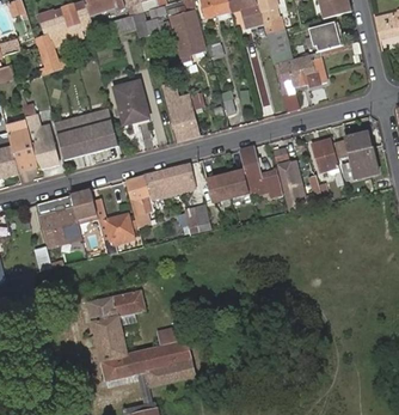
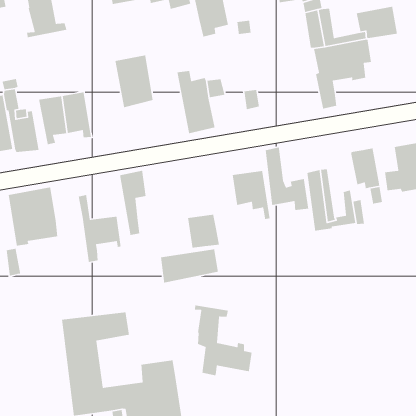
building: [91,109,117,151] -> none
building: [145,163,194,195] -> [160,248,219,283]
building: [70,188,98,221] -> none
building: none -> [194,305,252,376]

